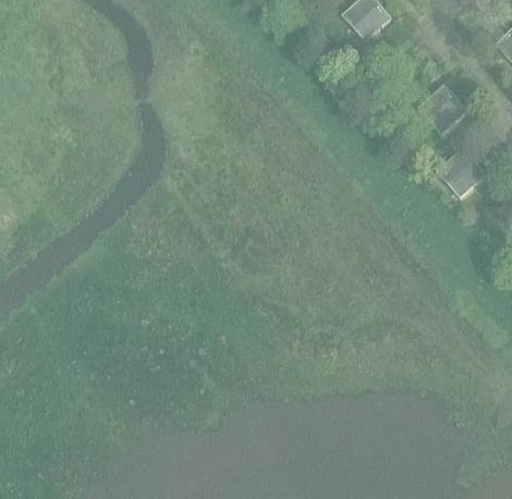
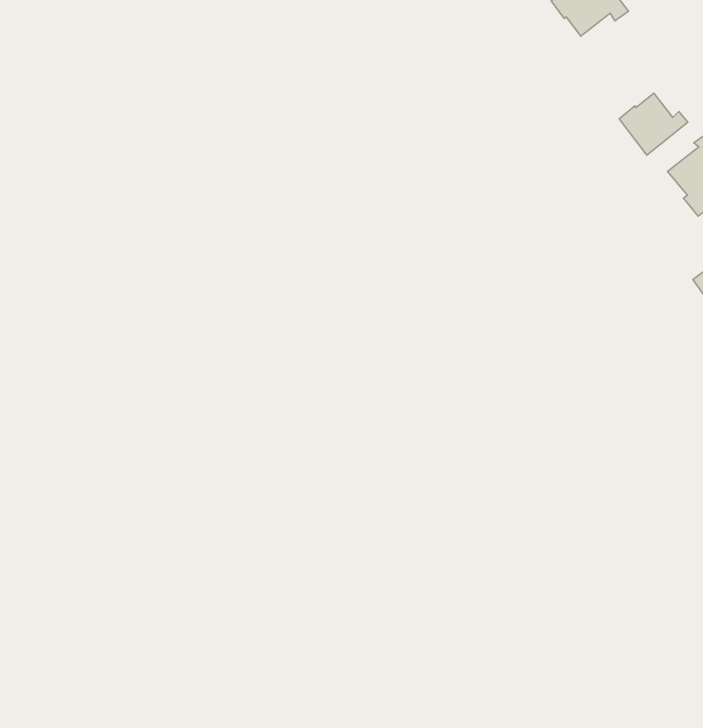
building: none -> [619,93,688,155]

